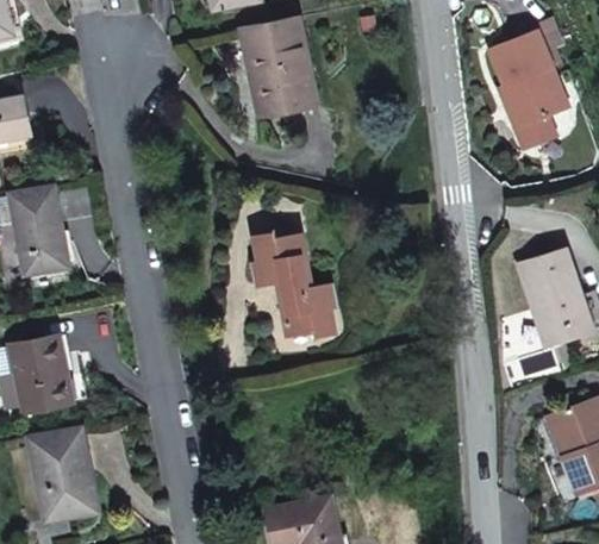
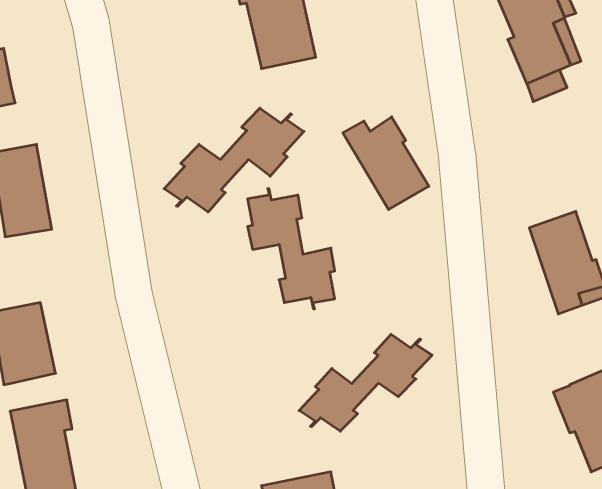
building: none -> [164,108,304,212]
building: none -> [343,117,429,210]
building: none -> [299,334,432,431]

